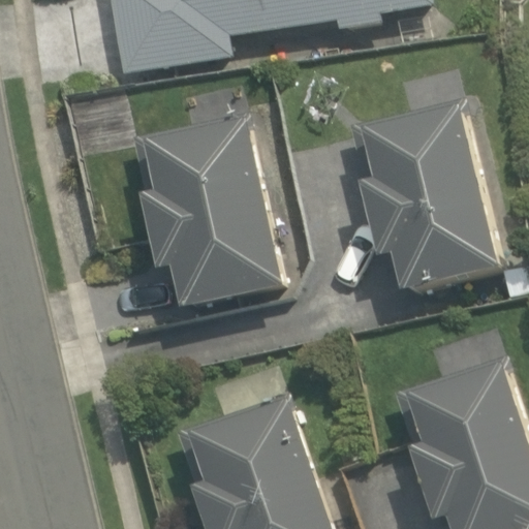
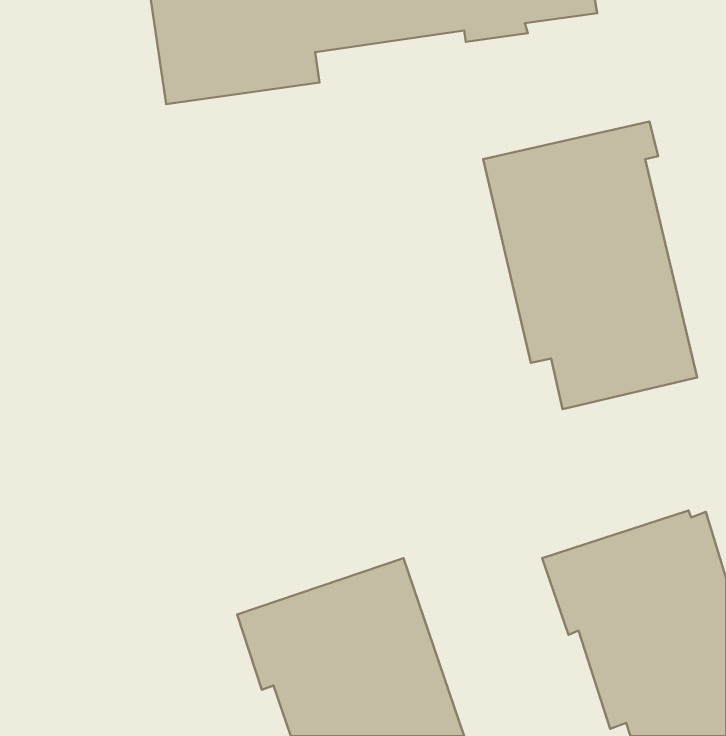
building: [130,104,283,308] -> none

